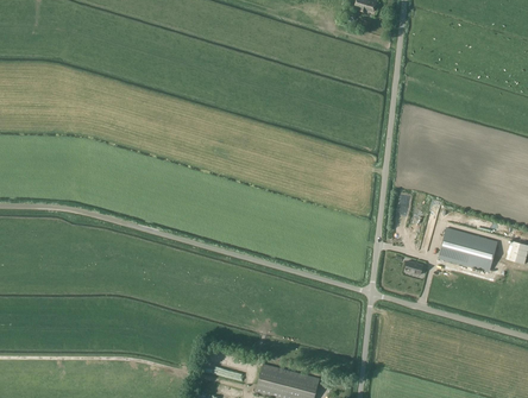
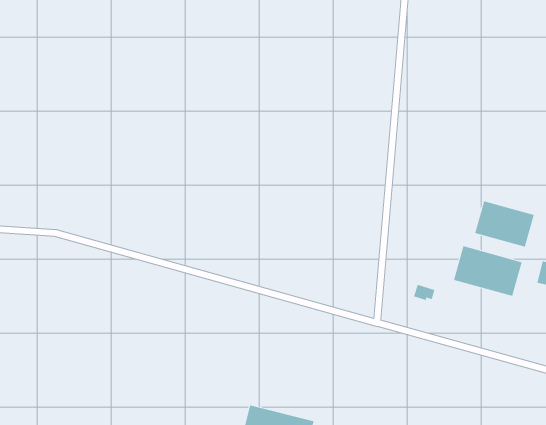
building: none -> [475,200,535,248]

